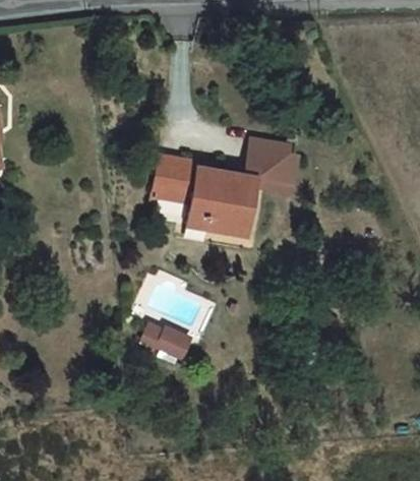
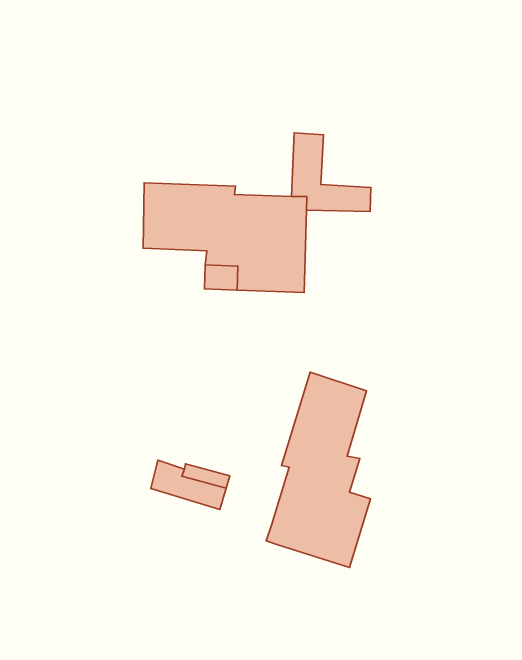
building: [264,141,298,176] -> none
building: none -> [266,372,371,567]

